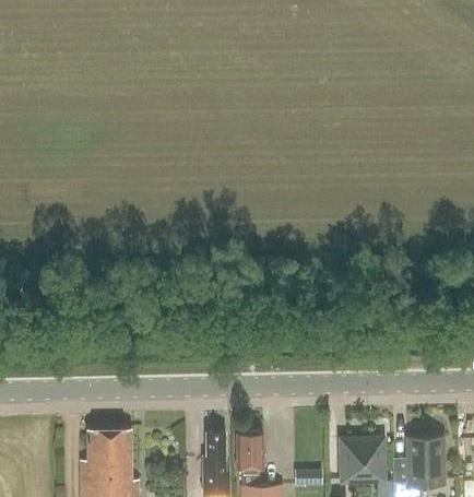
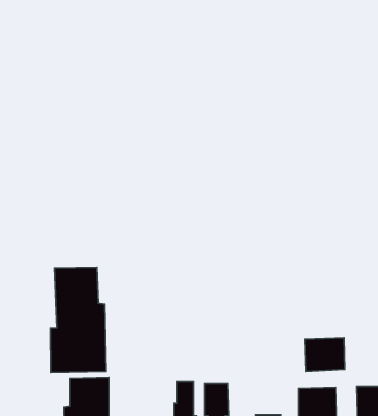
building: none -> [50,268,106,373]
building: none -> [305,338,345,372]

